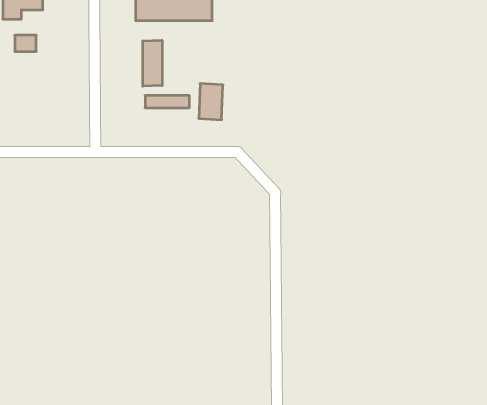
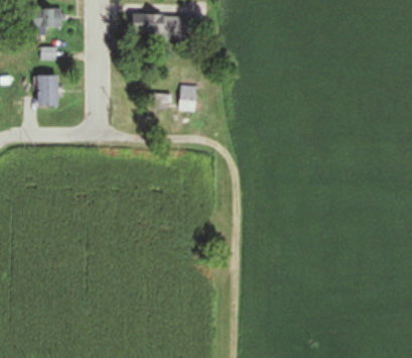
building: [143,40,162,86] -> none
building: none -> [37,75,57,106]

